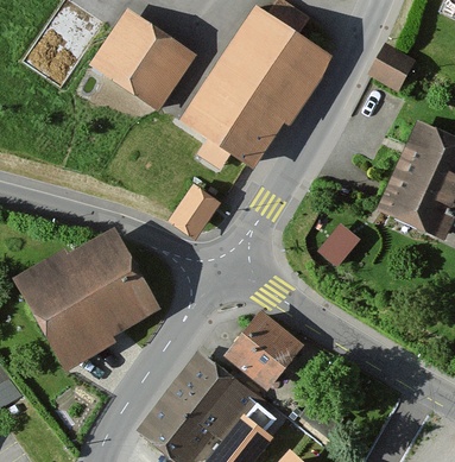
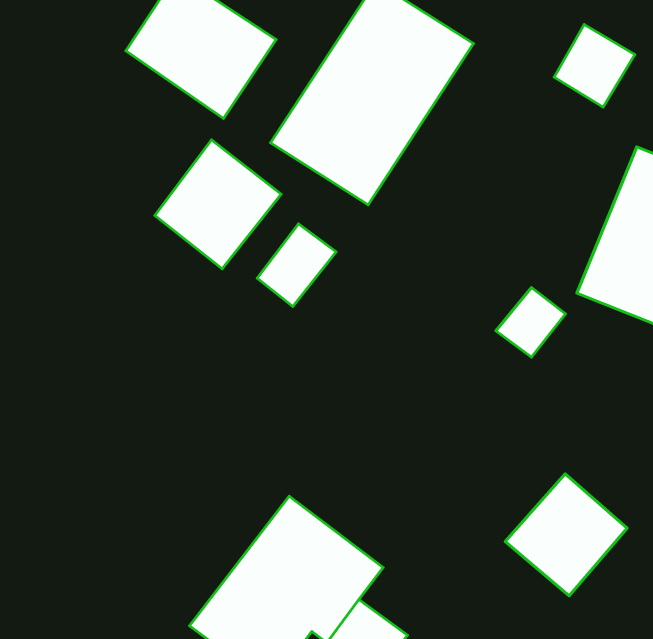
building: none -> [155,140,281,269]
building: [30,234,160,359] -> none
building: [226,314,303,391] -> [505,474,627,596]

